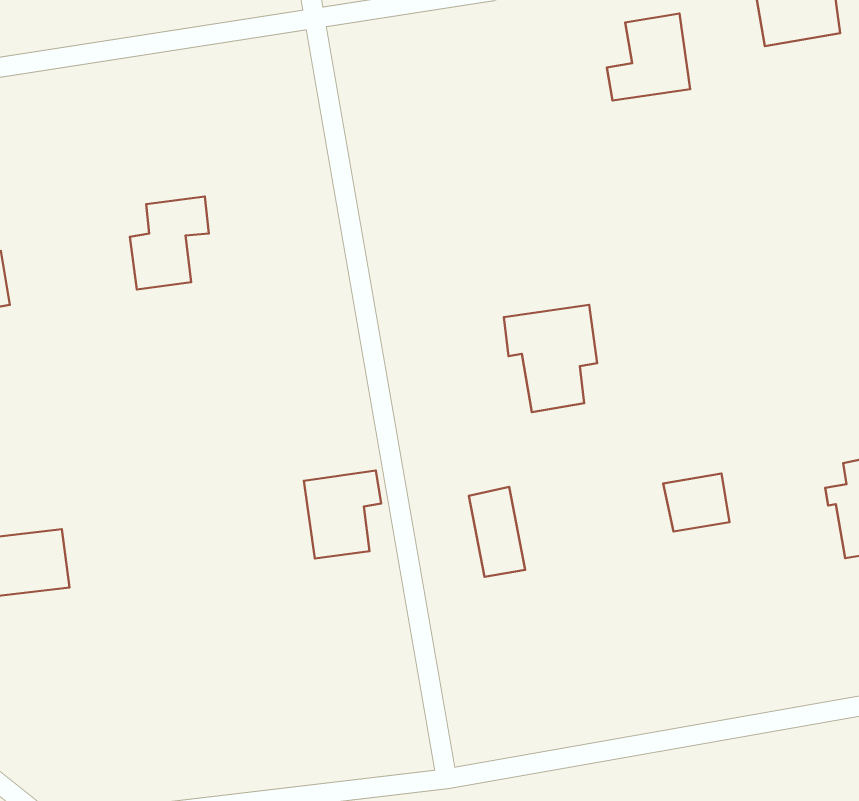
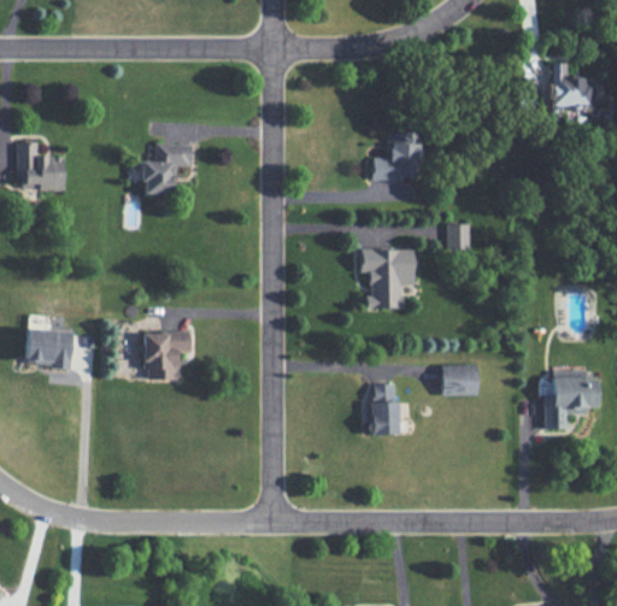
building: [607,13,690,100] -> [372,133,422,180]
building: none -> [447,223,470,249]
building: [304,471,381,558] -> [143,331,189,381]
building: [469,487,525,577] -> [371,383,398,435]

